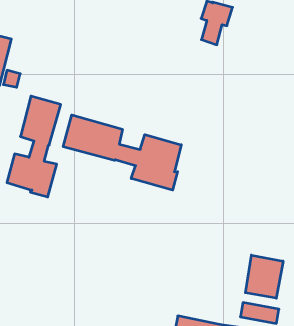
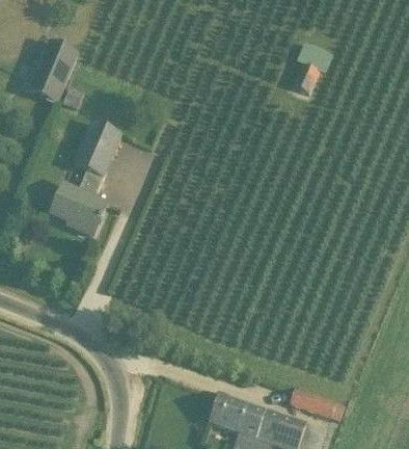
building: [63,115,181,190] -> none
building: [245,255,283,298] -> none

